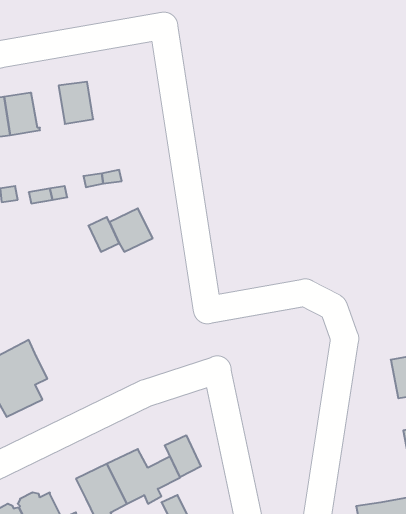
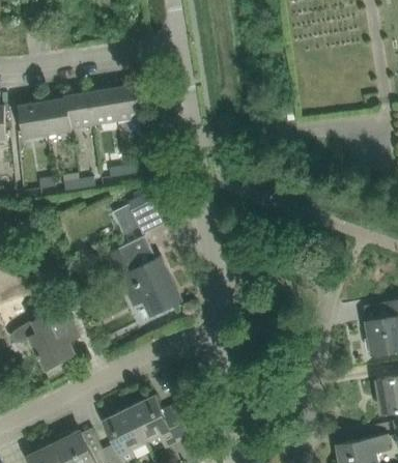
building: none -> [112,85,141,120]
building: none -> [64,92,93,127]
building: none -> [108,235,182,316]
building: [165,435,201,477] -> none

